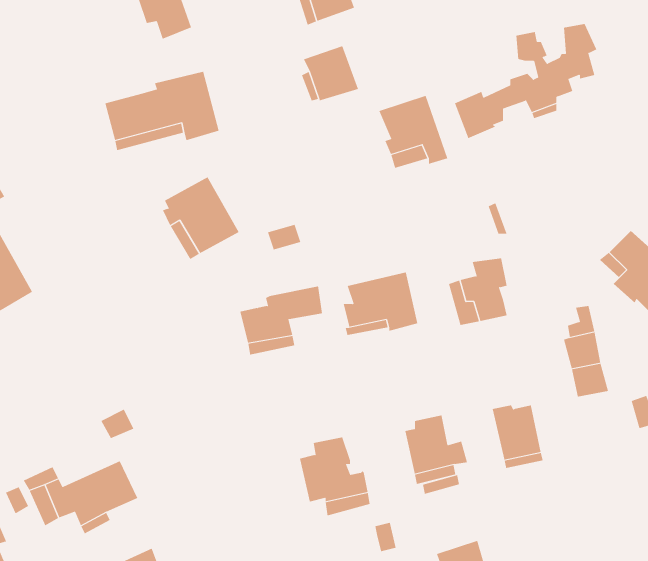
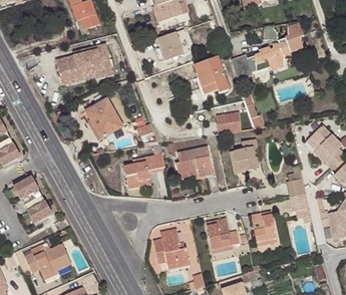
building: none -> [216,111,241,133]
building: none -> [13,176,52,223]

